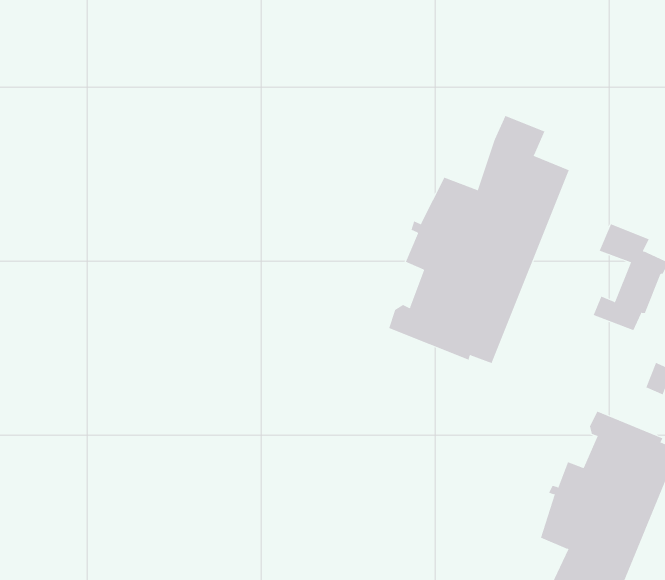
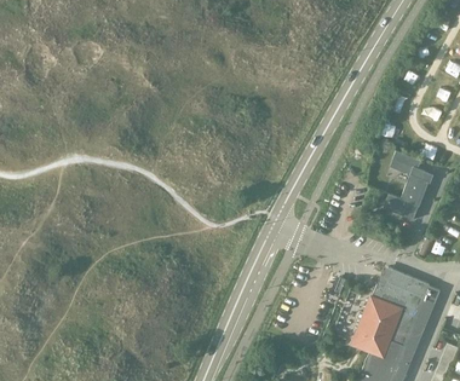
building: [389,115,569,364] -> none

